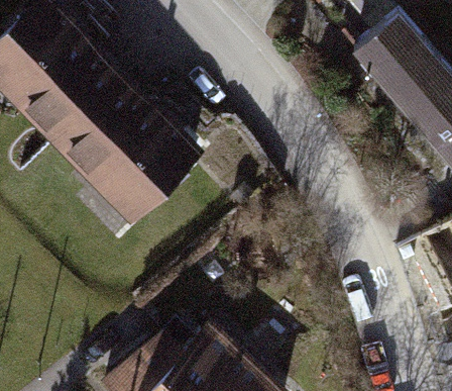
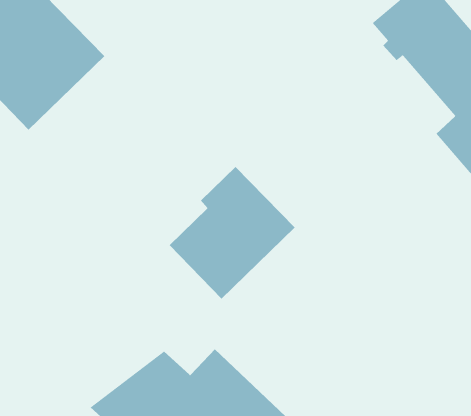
building: [55,78,200,215] -> none
building: none -> [169,166,296,300]

